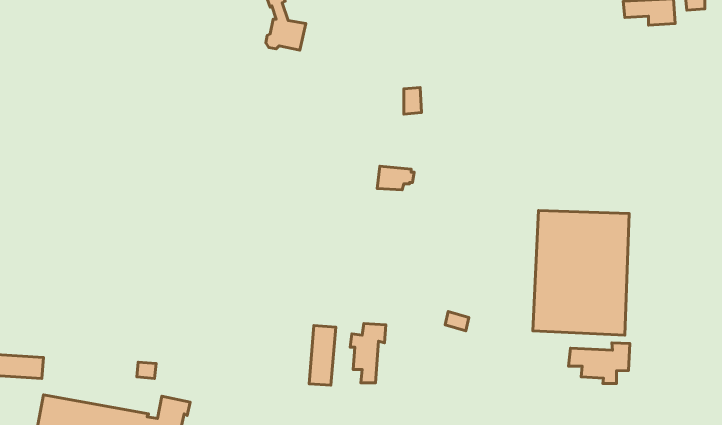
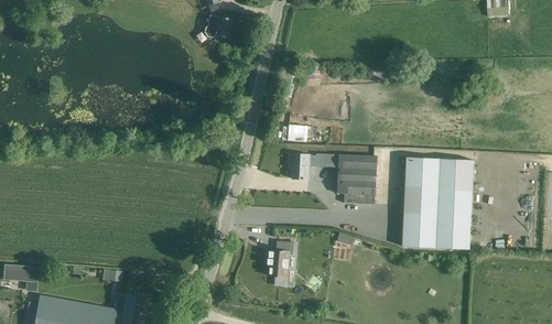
building: none -> [288,152,377,203]
building: [309,326,336,385] -> none
building: [569,343,630,384] -> none

